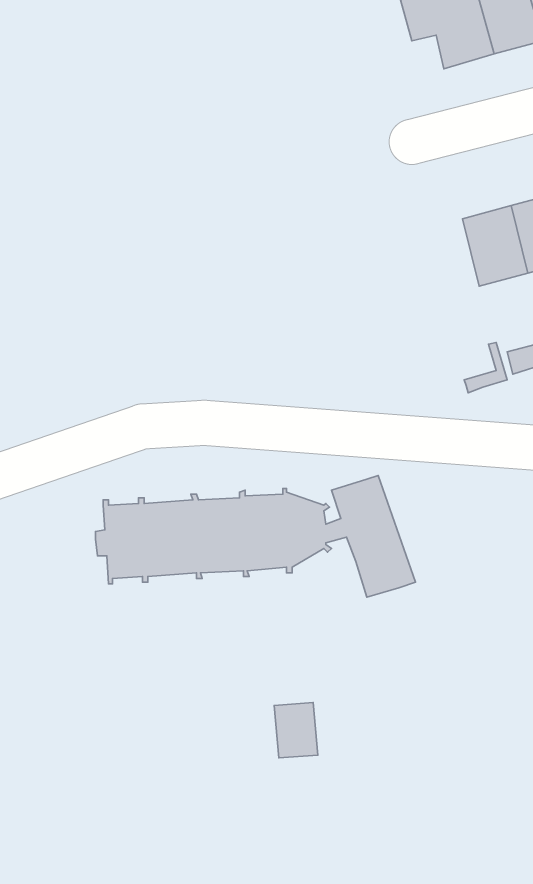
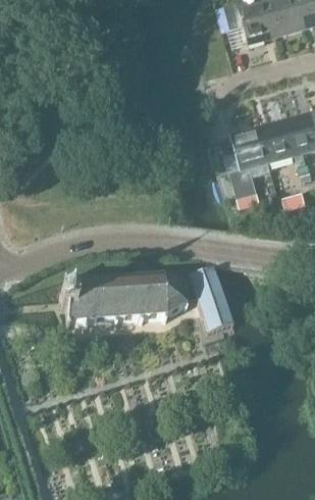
building: none -> [229,127,268,199]
building: [274,703,318,758] -> none

